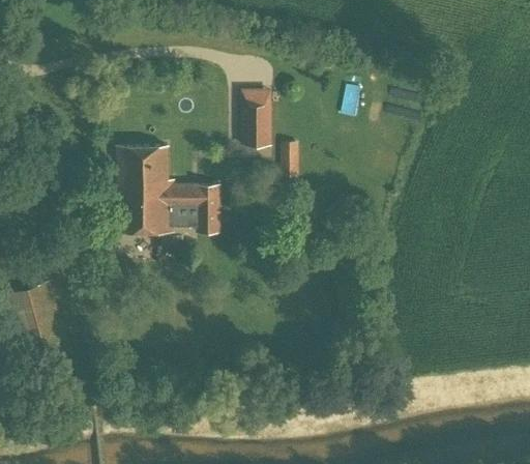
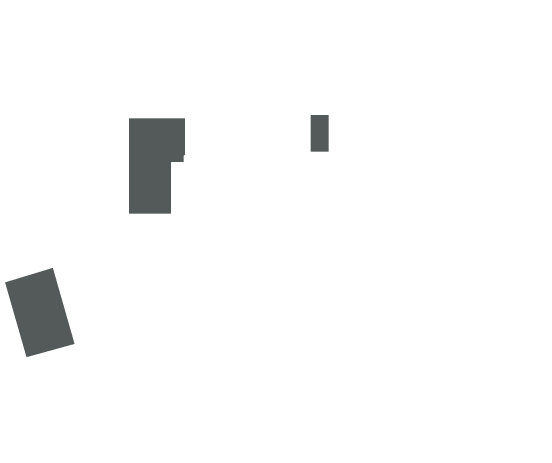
building: [243,103,270,145] -> none
building: [157,179,220,232] -> none

